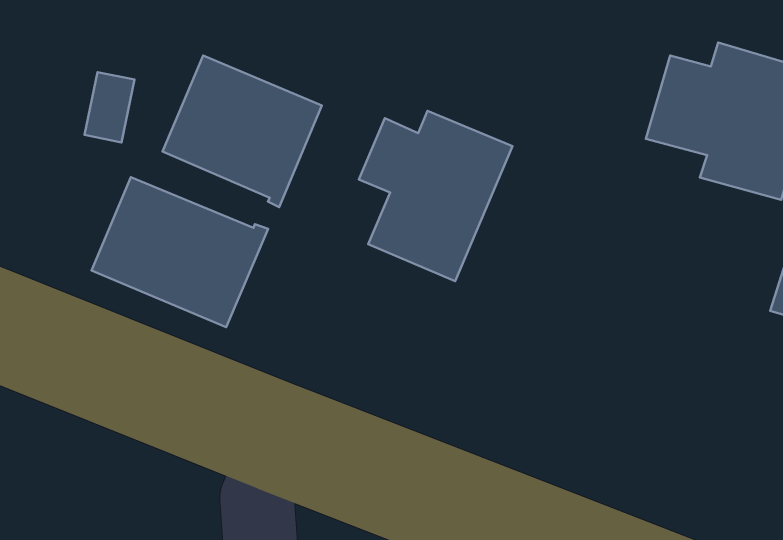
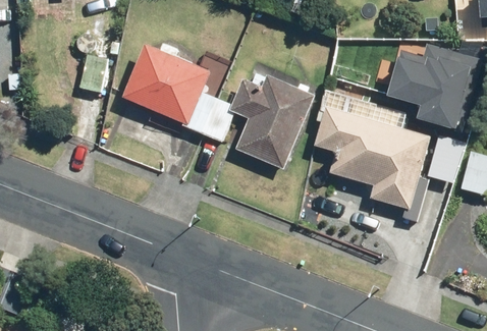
building: none -> [312,106,448,228]
building: [92,177,268,327] -> none

